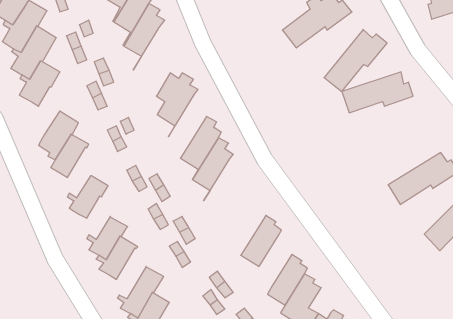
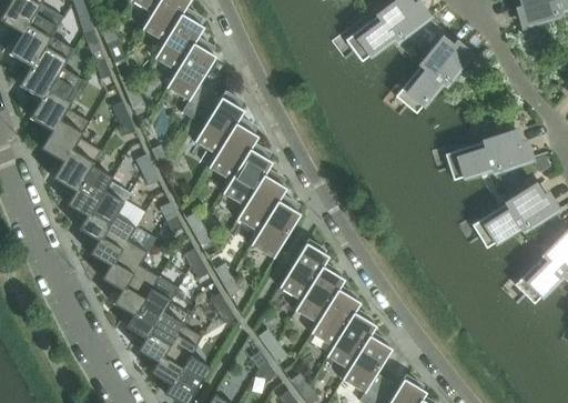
building: none -> [166,37,216,119]
building: [342,72,413,113] -> [445,131,530,180]
building: none -> [41,108,90,165]
building: none -> [209,117,258,193]
building: none -> [77,180,130,241]
building: none -> [251,194,301,259]
building: none -> [99,239,148,291]
building: none -> [280,239,328,300]
building: none -> [312,285,359,346]
building: none -> [134,301,190,362]

